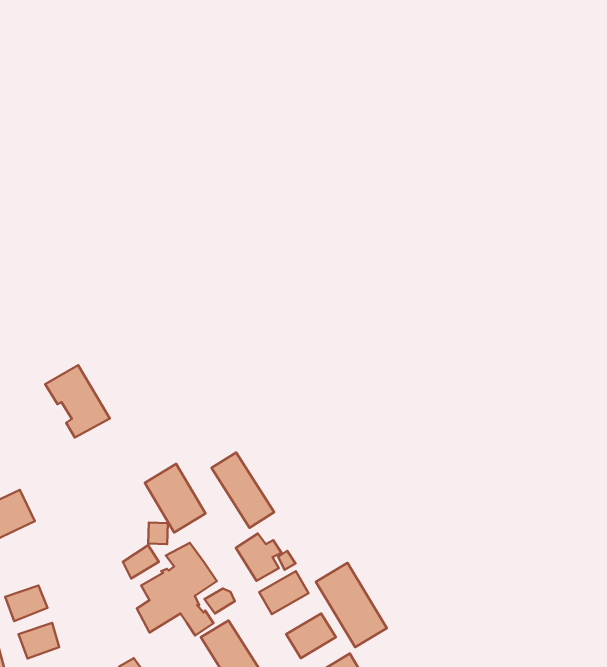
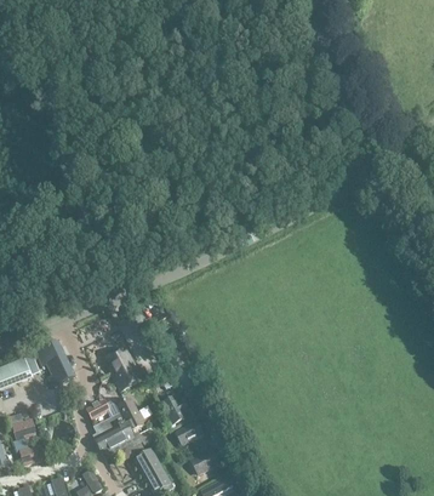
building: [45,365,110,438] -> [35,340,75,386]
building: [212,452,274,528] -> none
building: [316,563,387,647] -> none

